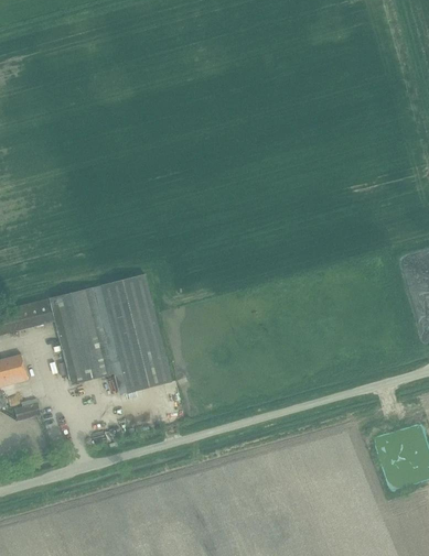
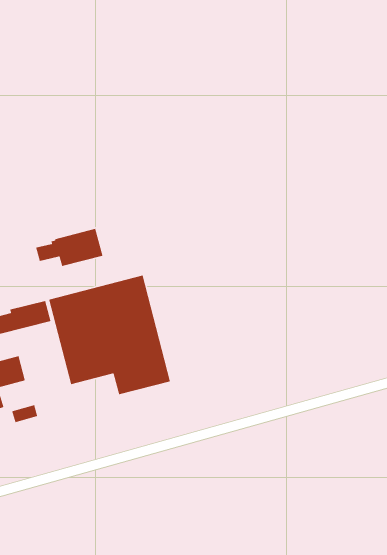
building: none -> [35,228,104,267]

